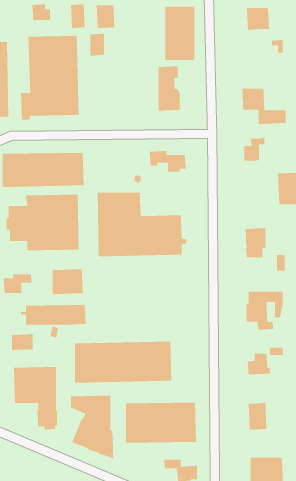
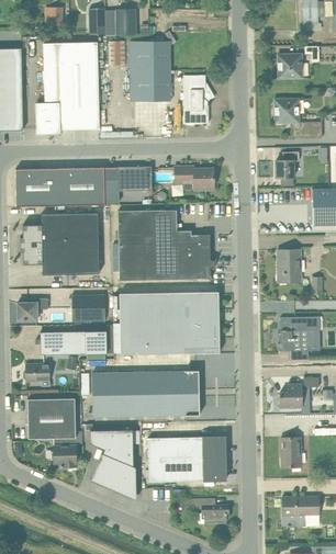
building: [165,6,195,61] -> [137,42,170,101]
building: [246,7,270,31] -> [277,54,302,79]
building: none -> [117,167,152,191]
building: none -> [120,292,220,354]

